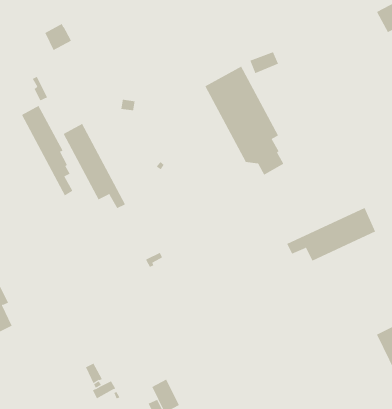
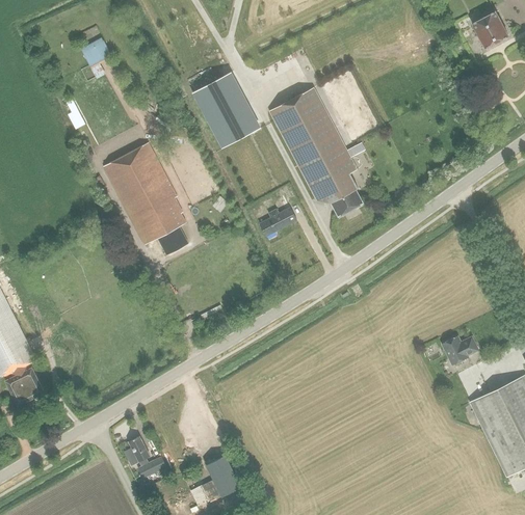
building: none -> [193,77,257,150]
building: [21,105,73,196] -> [126,142,187,249]
building: none -> [259,208,295,235]
building: [287,207,376,261] -> none
building: none -> [442,336,479,364]

